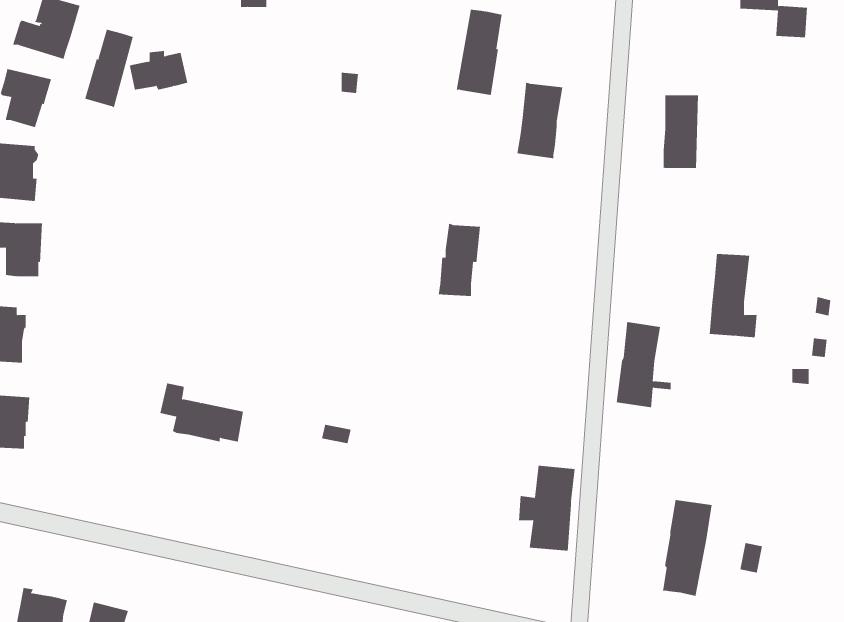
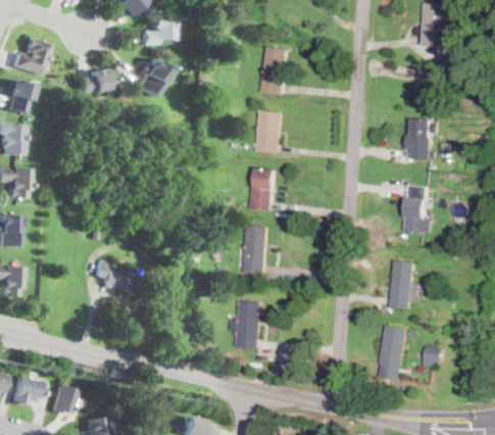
building: none -> [134,57,167,98]
building: [84,29,134,108] -> none
building: [516,82,563,159] -> [256,109,283,153]
building: [663,95,699,168] -> [411,118,432,160]
building: [616,322,671,408] -> [390,259,422,308]
building: none -> [244,225,268,274]
building: [518,465,576,551] -> [230,300,262,349]

